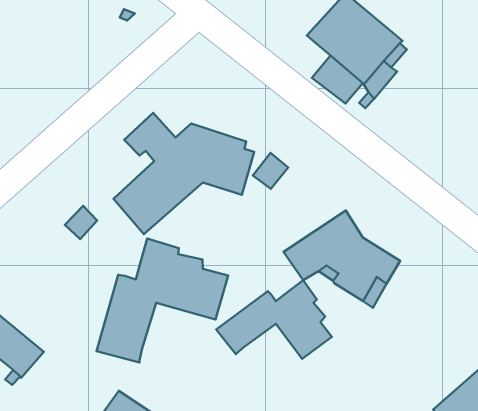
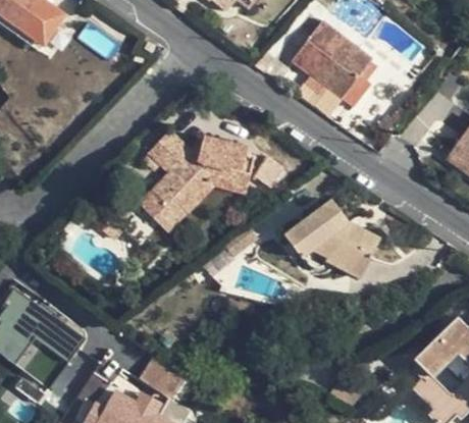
building: [96,238,228,362] -> none
building: [216,280,332,359] -> none

